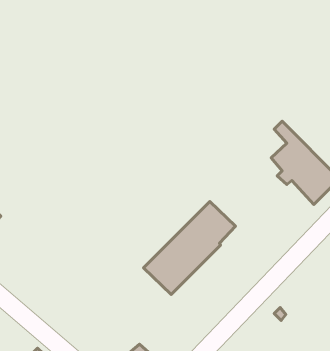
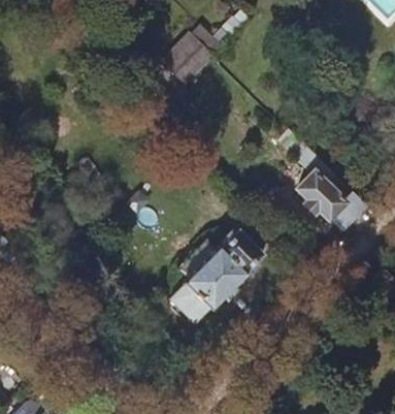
building: none -> [168,37,213,83]

